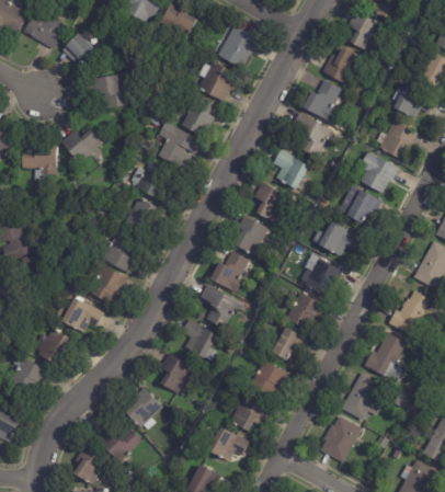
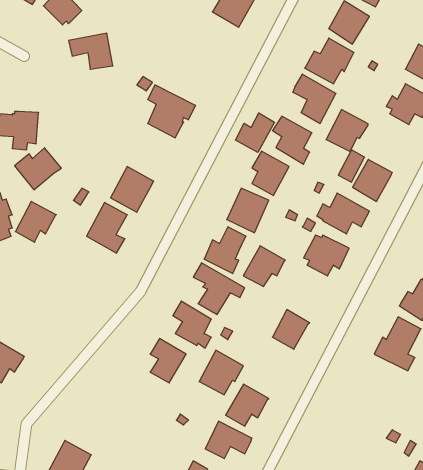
building: [201,62,236,102] -> none
building: [181,93,214,137] -> none
building: [60,124,103,162] -> [15,148,61,190]
building: none -> [235,113,275,152]
building: [361,153,399,192] -> [326,110,368,152]
building: [130,163,174,202] -> none
building: [89,264,126,301] -> [15,201,56,242]
building: [285,290,323,328] -> [243,246,285,287]
building: [60,297,103,332] -> none
building: [32,327,73,365] -> none
building: [248,359,288,400] -> [199,350,243,395]
building: [341,371,385,421] -> none
building: [126,386,163,426] -> none
building: [320,415,362,462] -> none
building: [94,425,141,462] -> none

